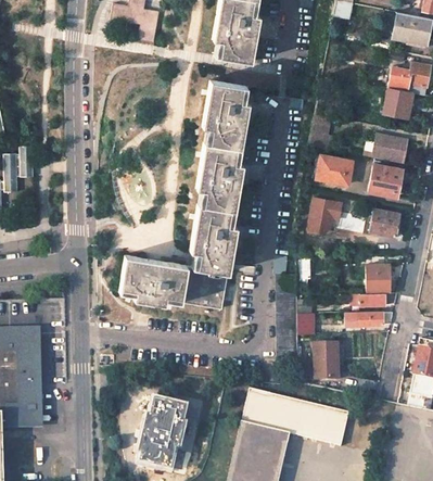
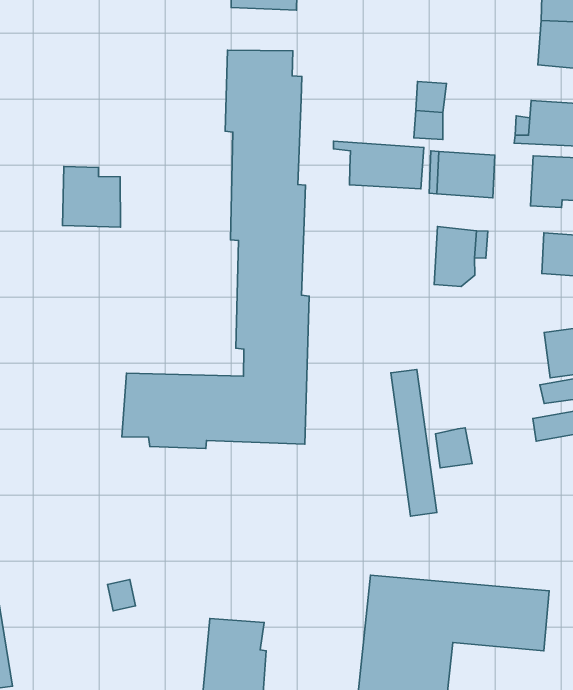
building: none -> [62,166,121,227]
building: none -> [333,141,424,189]
building: [316,343,340,378] -> none

